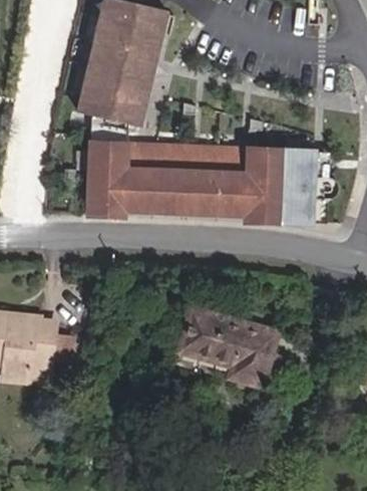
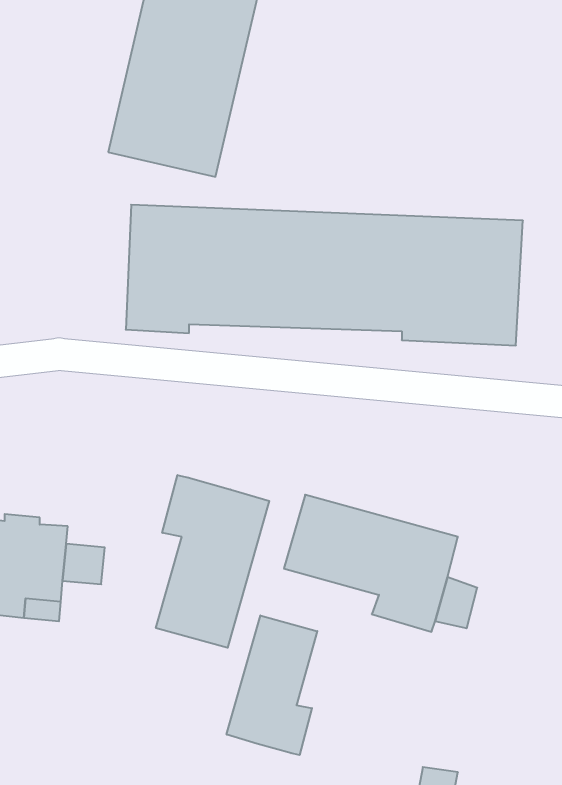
building: none -> [156,475,269,648]
building: none -> [227,615,317,755]

